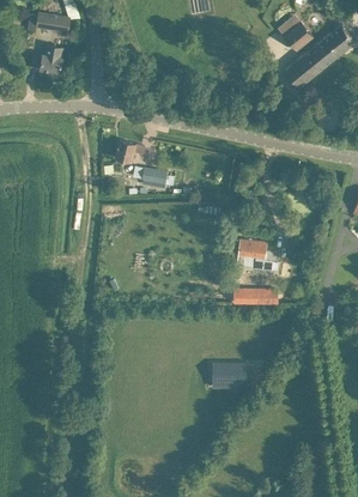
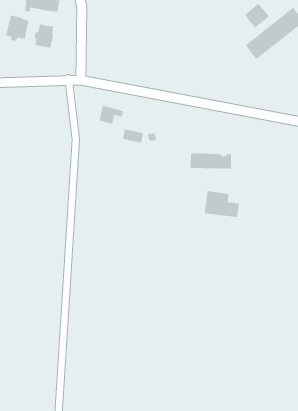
building: none -> [5,15,29,42]
building: [232,285,281,304] -> [190,153,232,169]
building: [213,363,247,386] -> none

